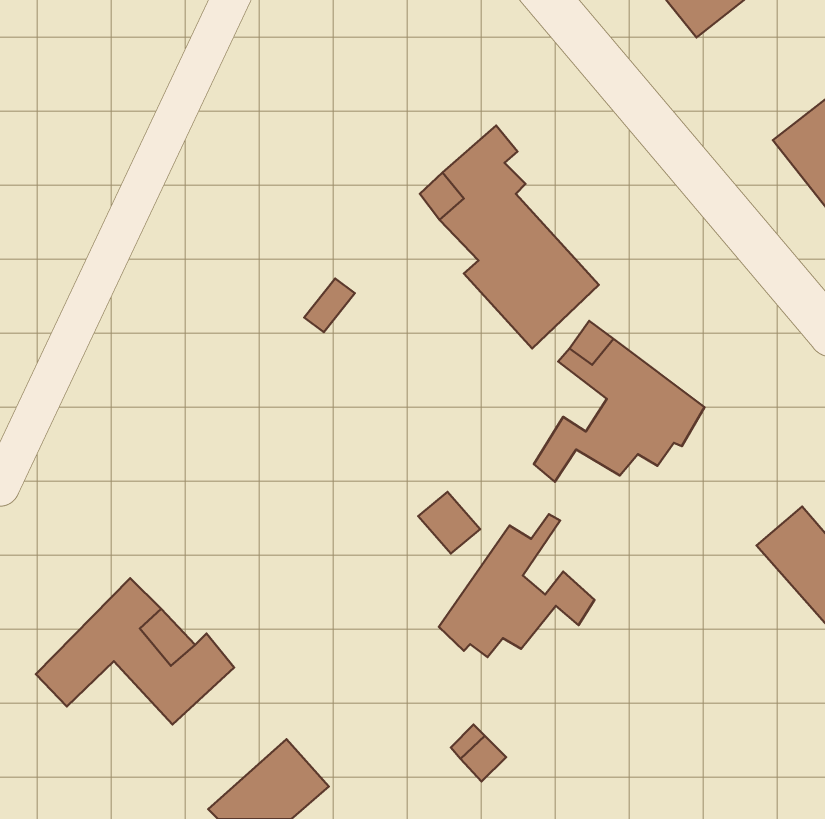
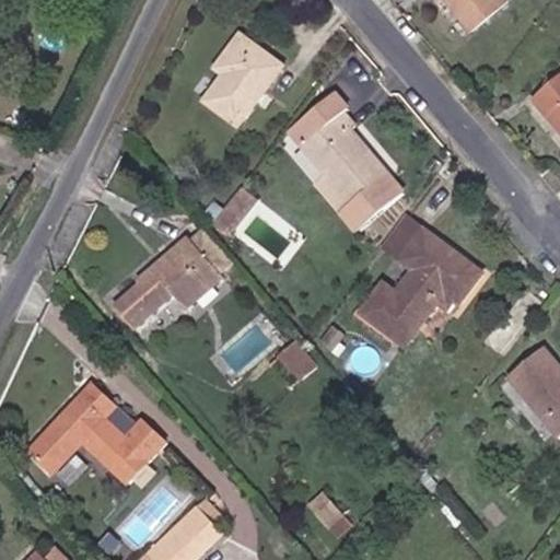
building: none -> [201,38,273,127]
building: none -> [114,241,217,332]
building: none -> [377,302,421,345]
building: [439,514,595,657] -> none

